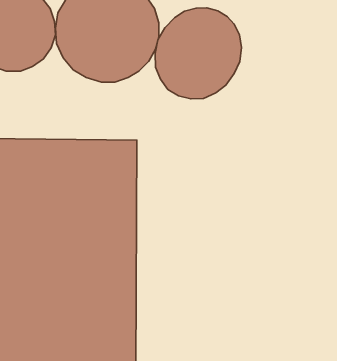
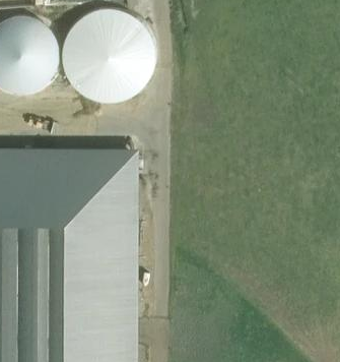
building: [155,8,242,99] -> none

